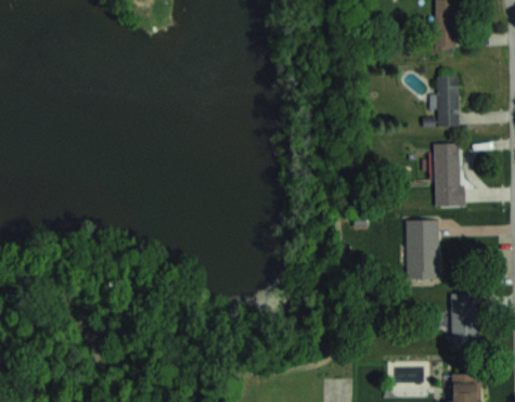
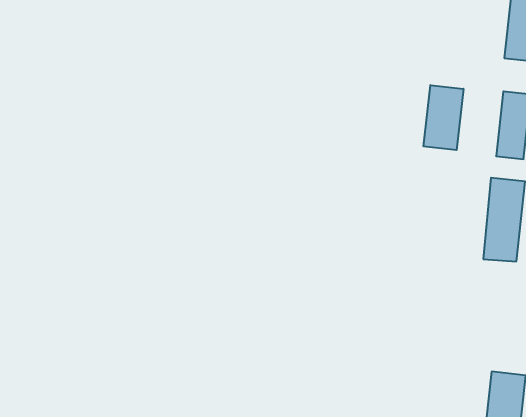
building: none -> [424,85,463,150]
building: [405,219,438,278] -> none

